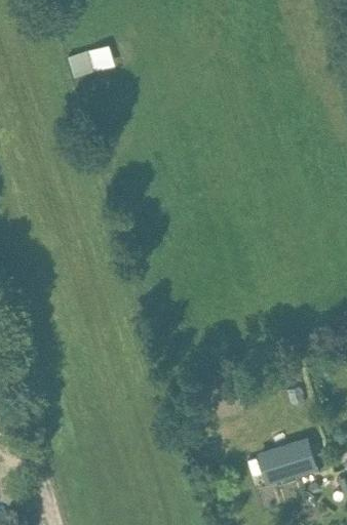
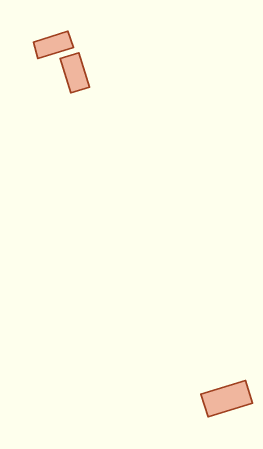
building: none -> [60,53,89,93]

